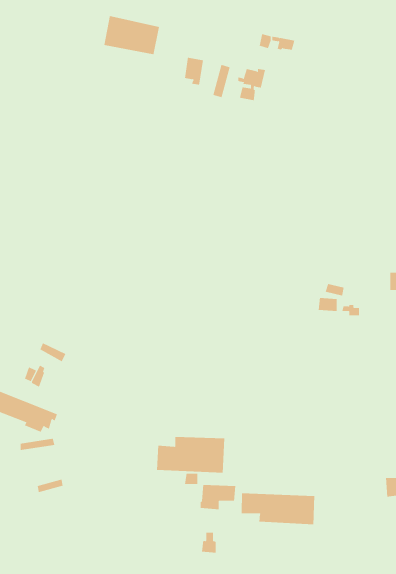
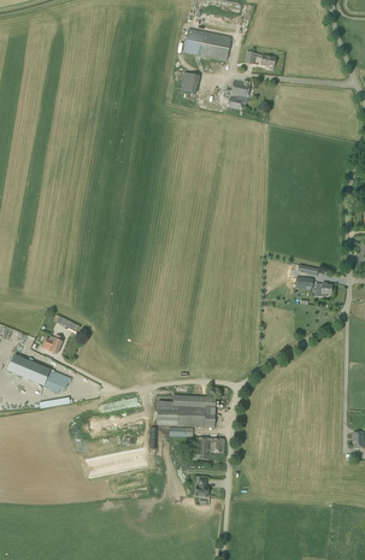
building: [104,16,160,55] -> [182,28,230,61]
building: [241,492,315,525] -> none

